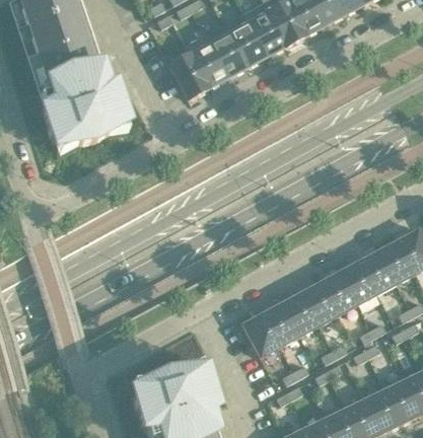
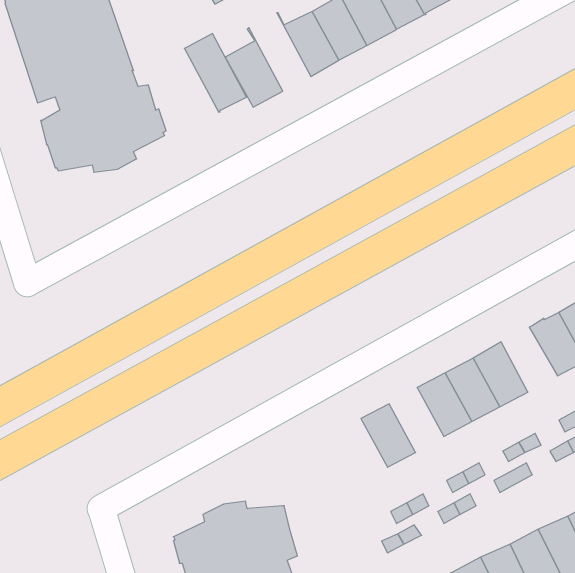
building: [186,33,228,87] -> [184,34,247,112]
building: [359,249,398,294] -> none
building: [282,291,320,336] -> none
building: [242,312,281,357] -> none

